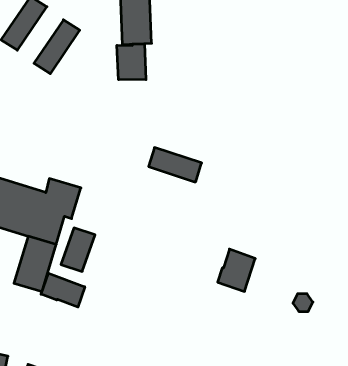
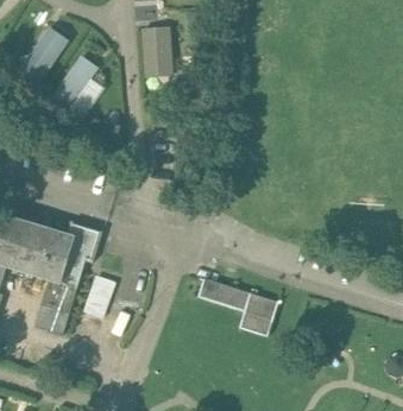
building: [117,44,146,80] -> none
building: [149,148,202,182] -> [197,276,251,310]
building: [41,273,85,307] -> none

